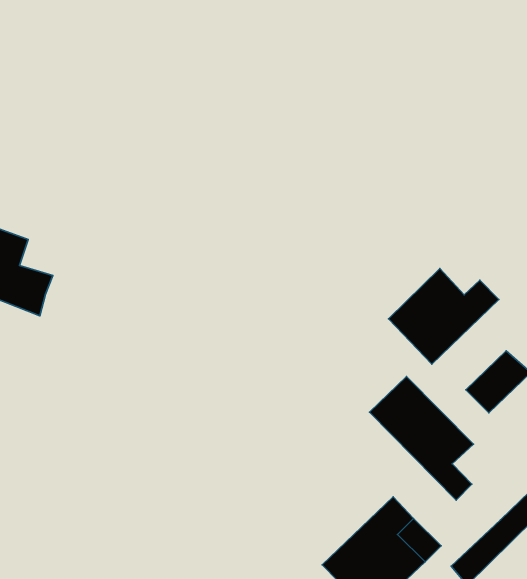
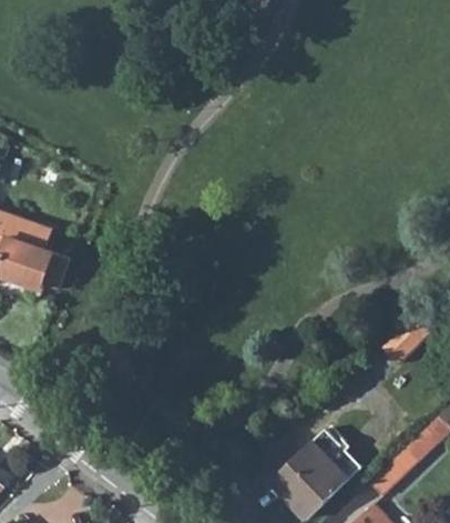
building: [388,269,499,364] -> none
building: [369,377,474,500] -> none

